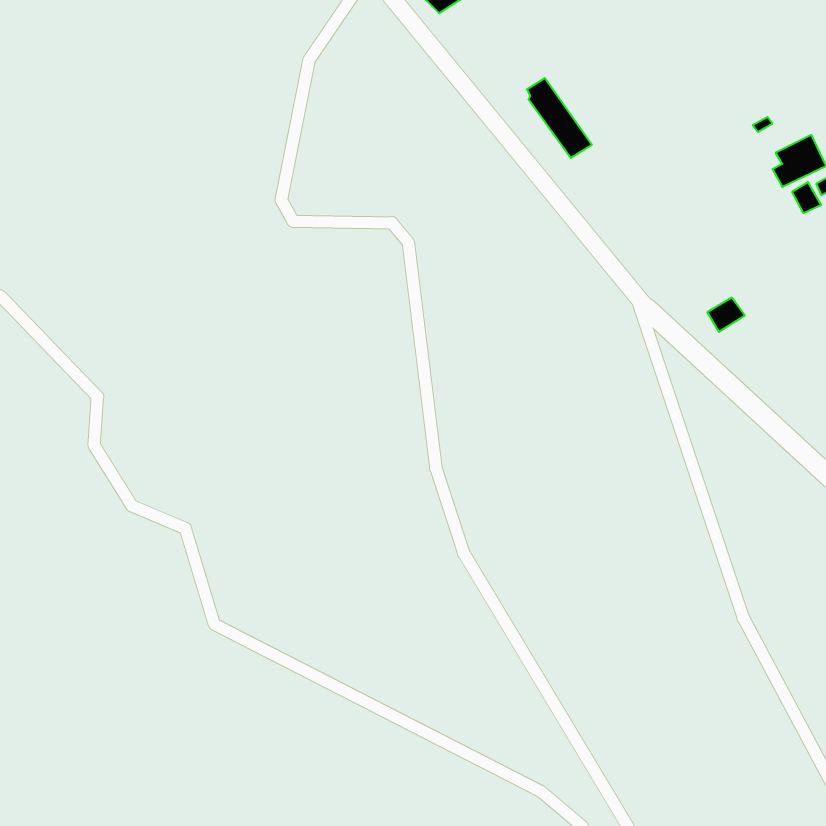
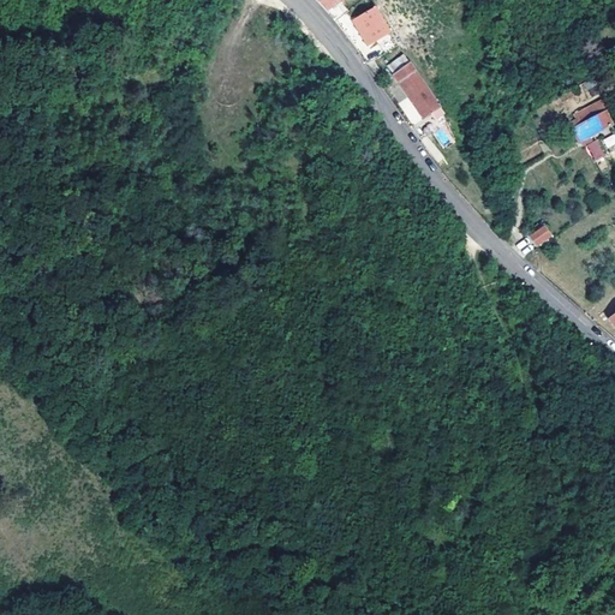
building: none -> [348,7,387,46]

